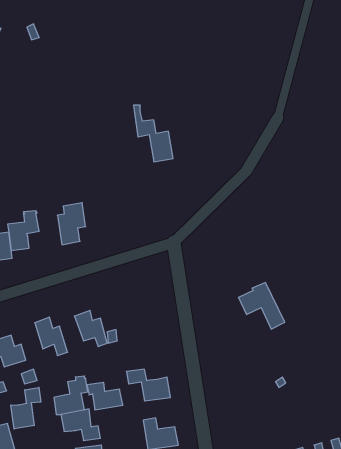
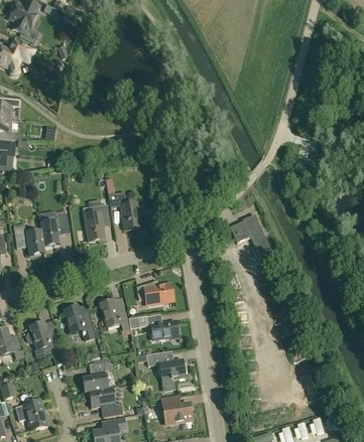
building: [133,105,173,162] -> [106,178,141,229]
building: [238,283,285,329] -> [230,213,271,255]
building: none -> [136,281,172,304]
building: [87,382,123,410] -> [146,314,178,338]
building: [11,387,41,429] -> none

